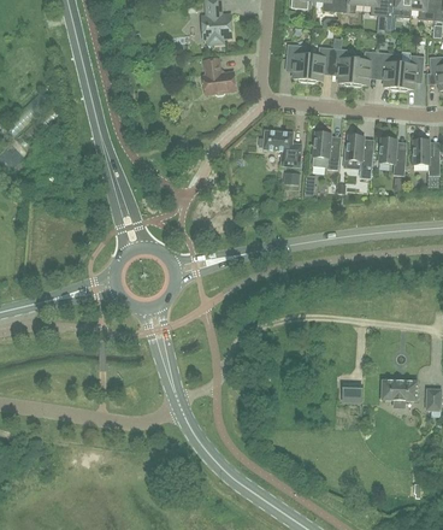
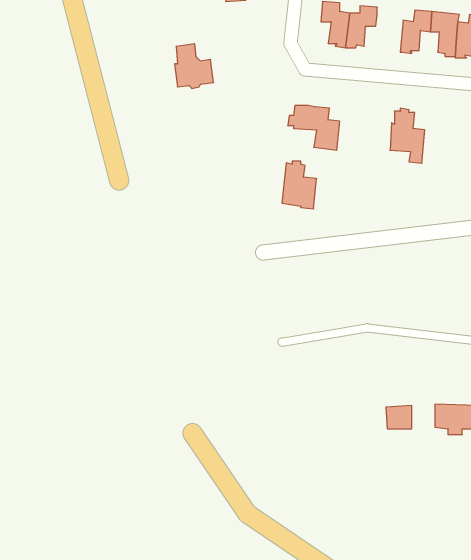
building: [332,47,356,84] -> none
building: [203,57,236,94] -> [175,44,214,88]
building: [312,129,341,169] -> [282,161,317,209]
building: [379,135,407,175] -> none

